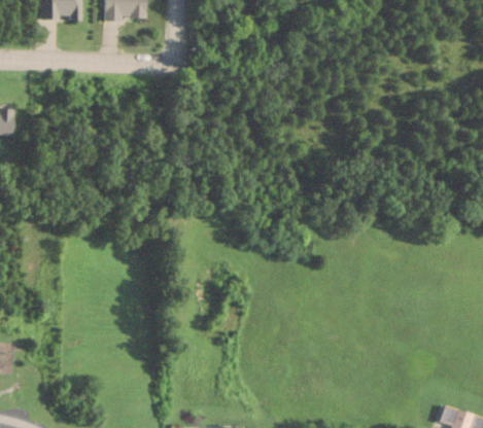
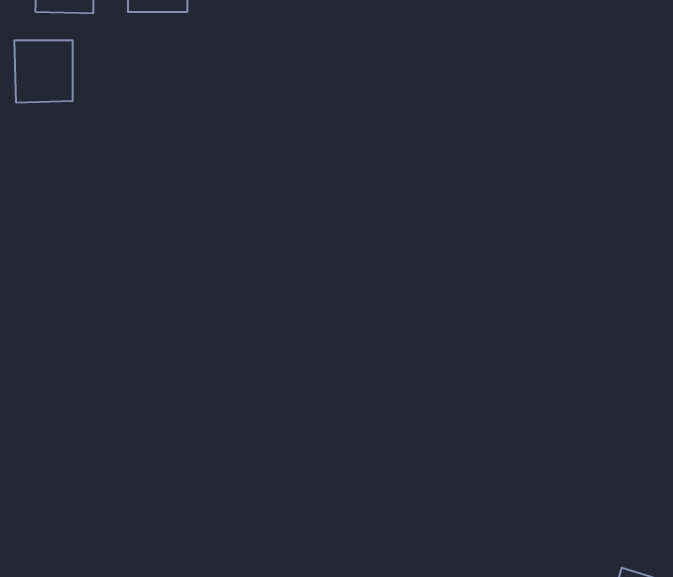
building: none -> [14,40,73,103]

